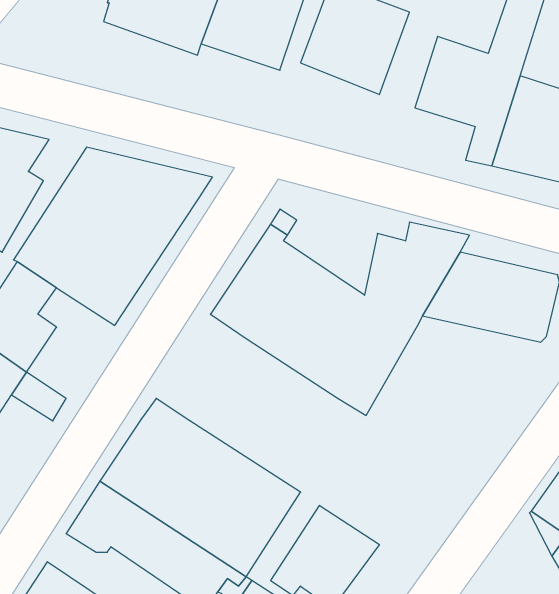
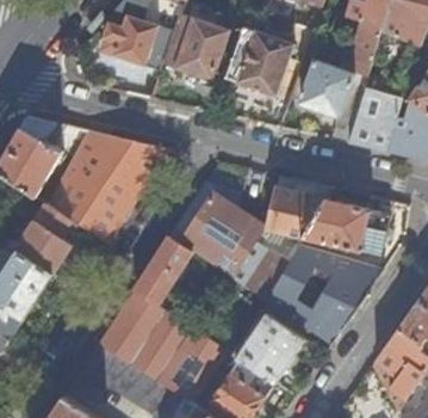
building: none -> [135,236,192,305]
building: none -> [268,242,384,343]
building: none -> [237,312,306,383]

